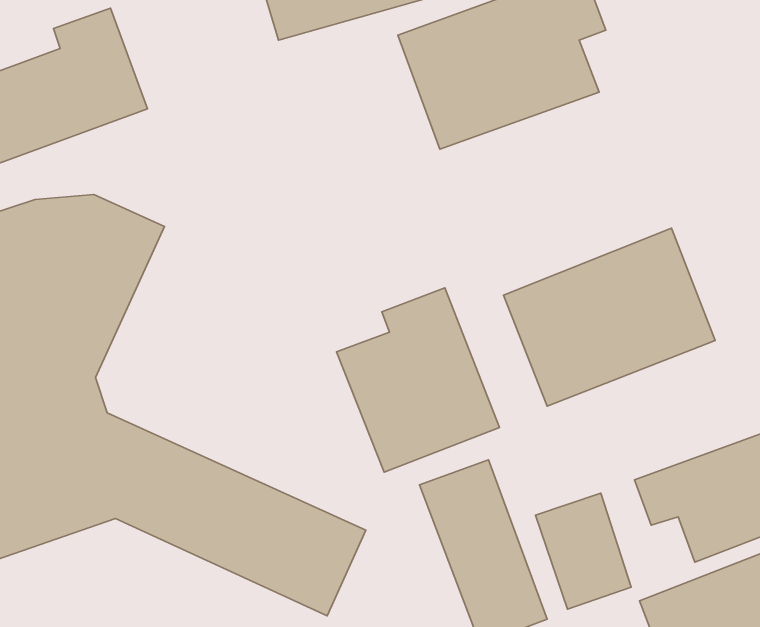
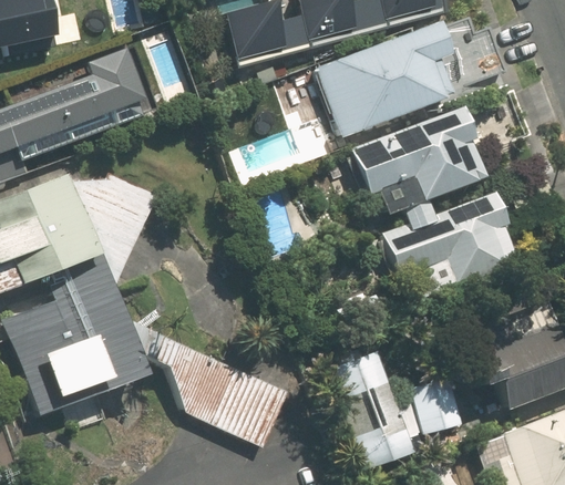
building: none -> [350,109,486,224]
building: [336,288,499,472] -> none

